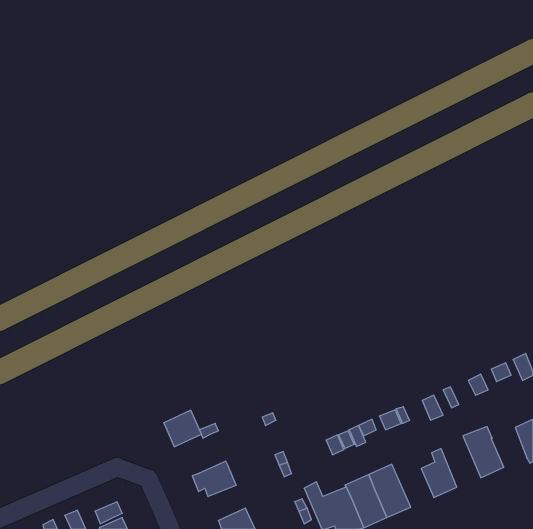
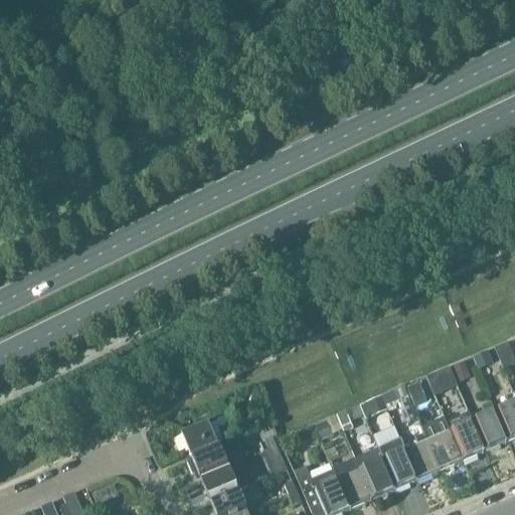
building: [164,410,201,447] -> [181,420,217,456]
building: none -> [473,400,507,450]
building: none -> [421,415,463,469]
building: none -> [377,438,417,488]
building: none -> [200,462,247,501]

